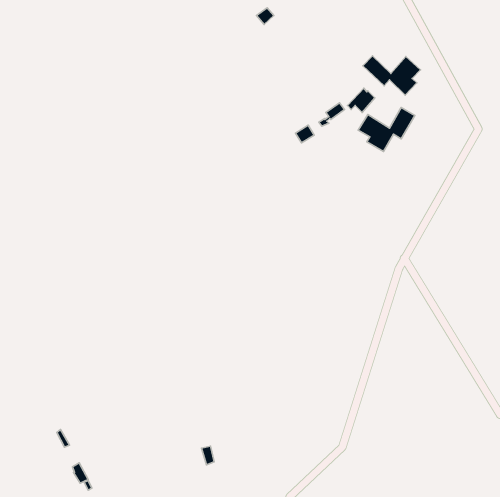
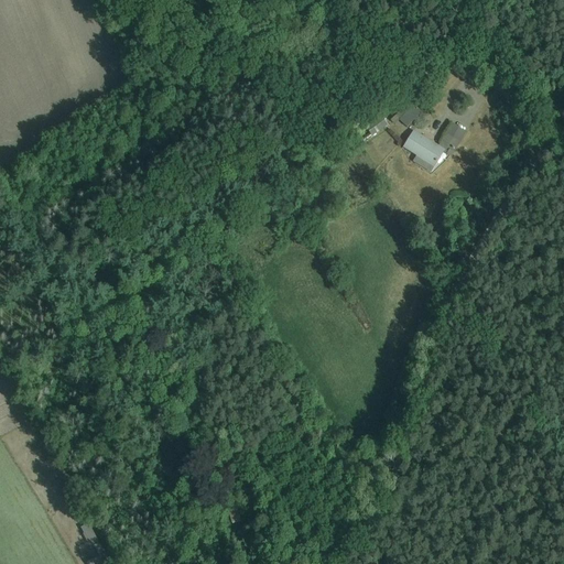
building: [363,56,421,95] -> none

